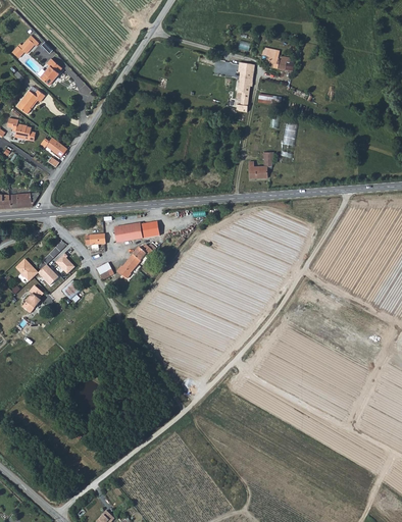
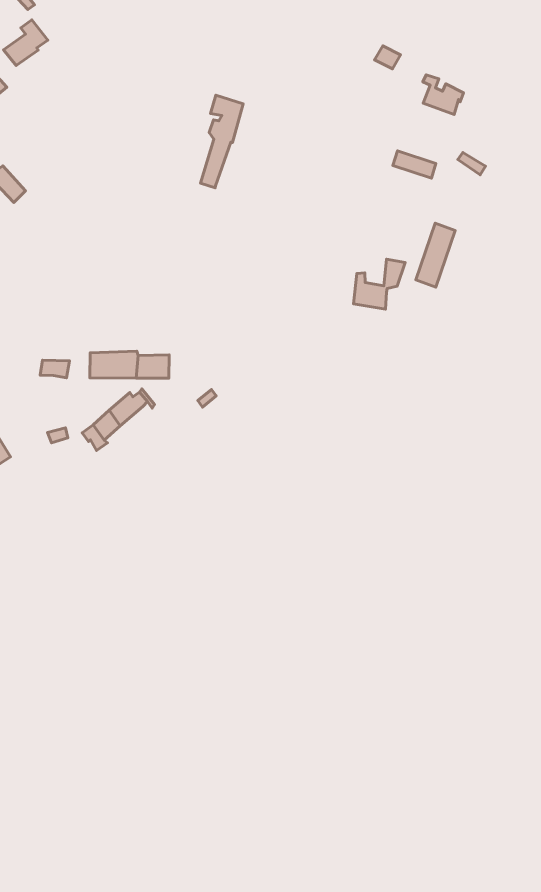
building: [237,61,253,110] -> [200,95,243,188]

